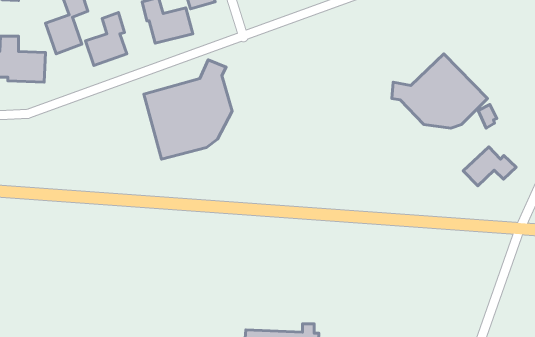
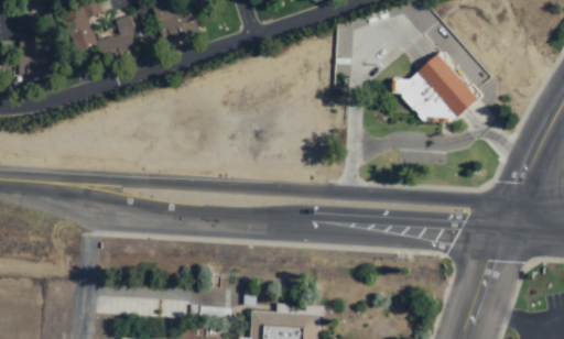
building: [144,60,232,159] -> none
building: [463,147,516,186] -> none

